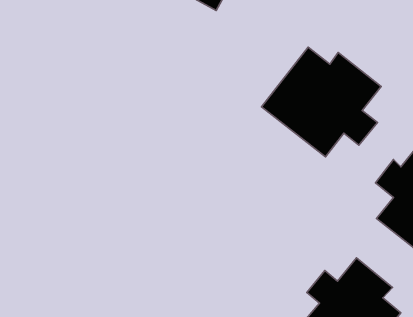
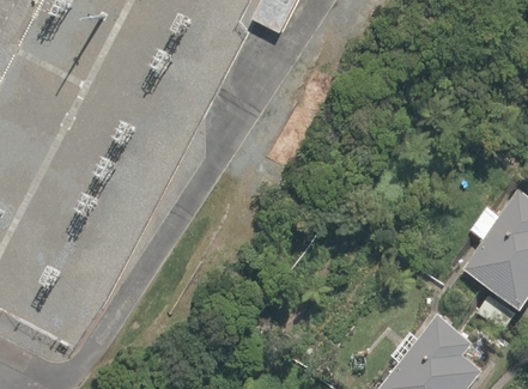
building: [261,47,381,157] -> none

